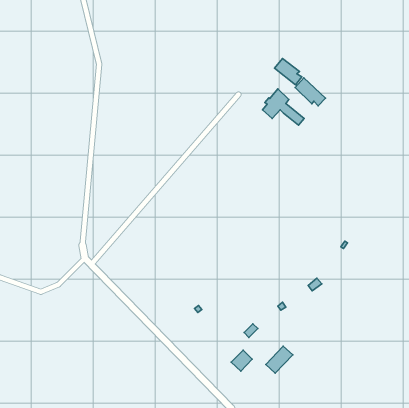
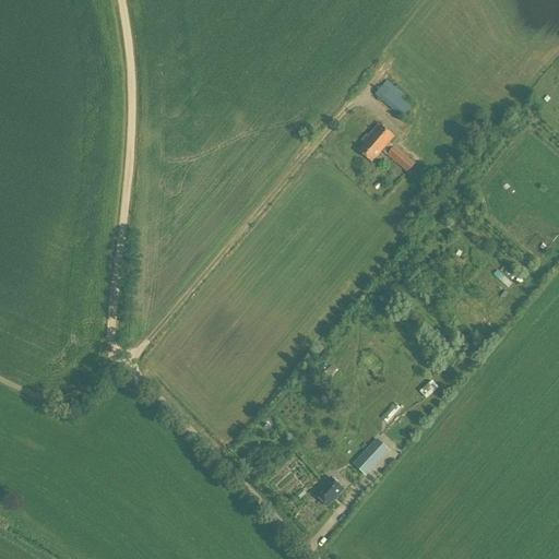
building: [295,78,325,106] -> none
building: [266,346,293,373] -> [353,437,390,474]

